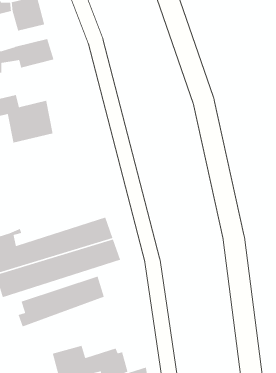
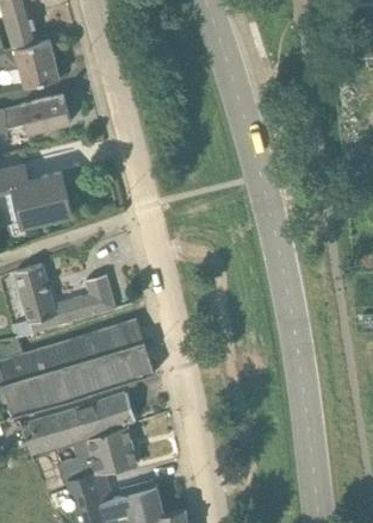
building: none -> [11,263,116,338]
building: none -> [58,425,136,490]

